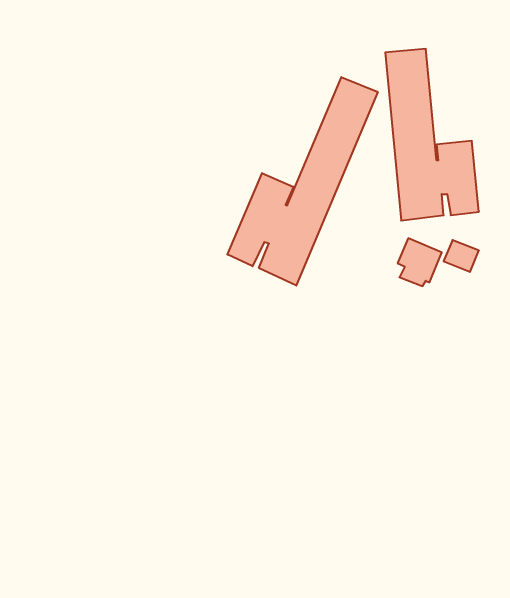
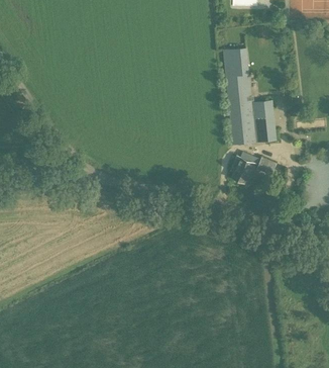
building: [227,77,378,286] -> none

